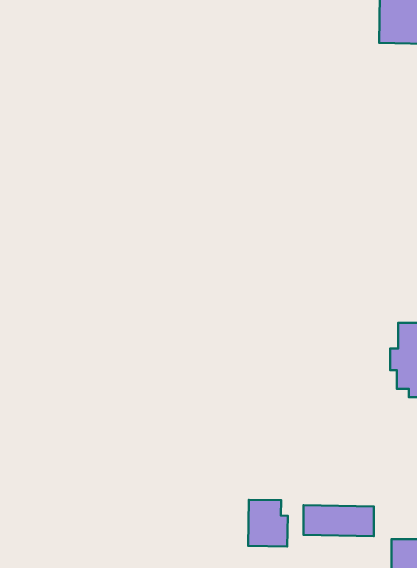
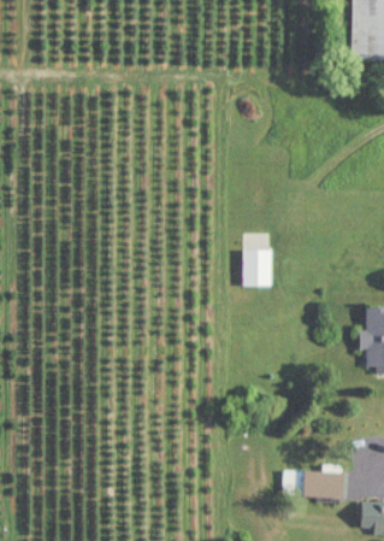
building: none -> [242,237,271,286]
building: [248,500,288,546] -> none

